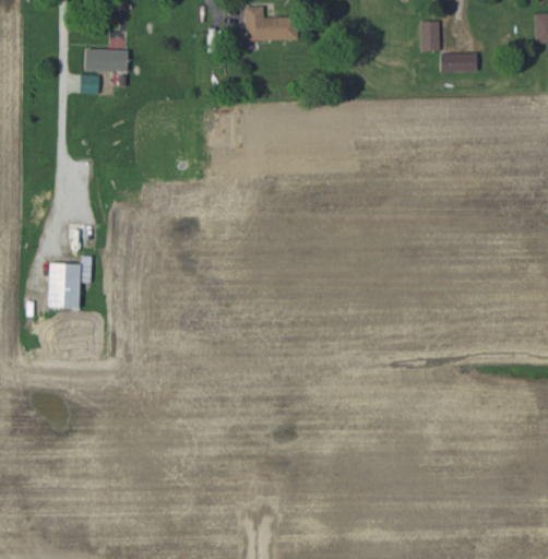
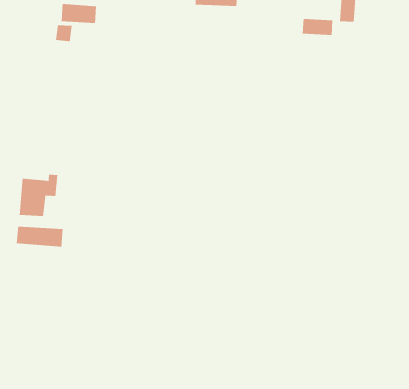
building: [440,52,477,71] -> [302,18,333,36]
building: none -> [16,226,63,248]

